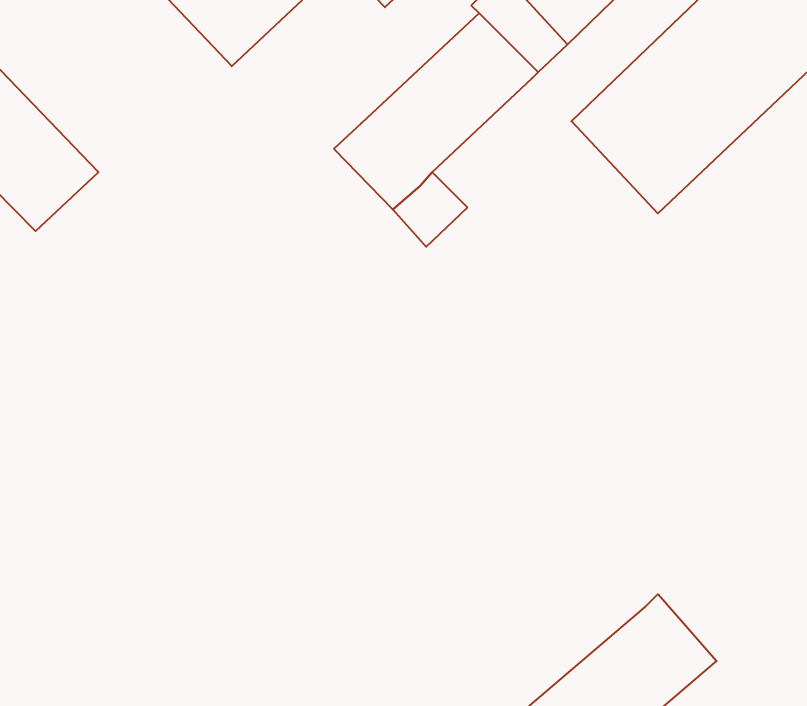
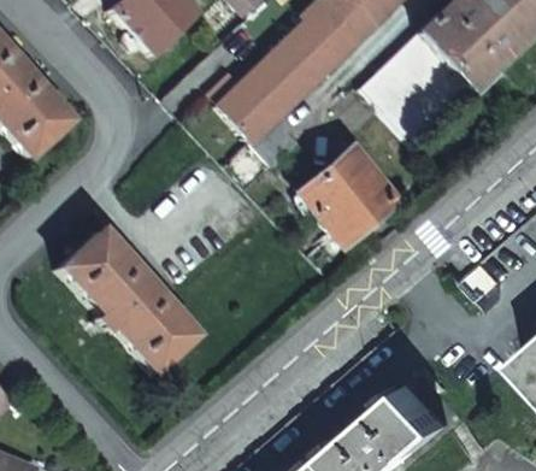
building: none -> [301,146,393,236]
building: none -> [59,229,194,370]

